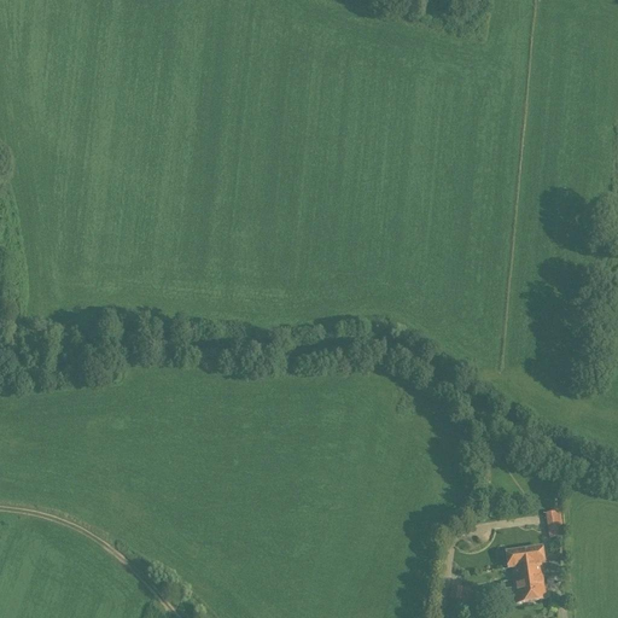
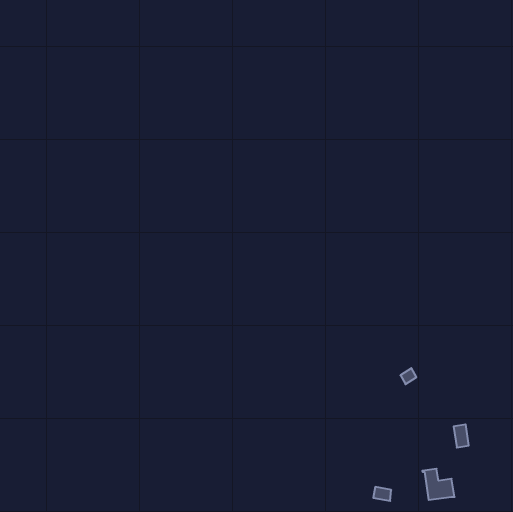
building: [502,546,543,577] -> none

